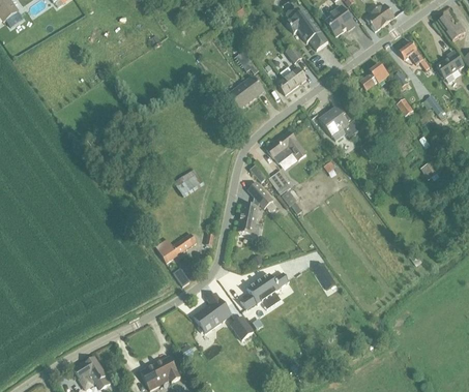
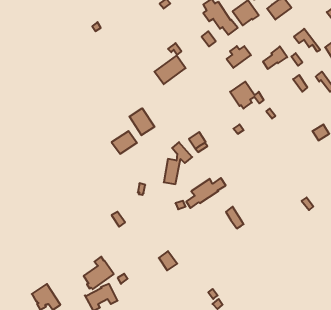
building: [276,67,306,94] -> [227,46,251,68]
building: [267,132,306,164] -> none
building: none -> [129,108,154,135]
building: [155,233,197,263] -> none
building: [240,272,289,309] -> [186,178,226,208]
building: [194,293,231,333] -> [84,257,114,289]

